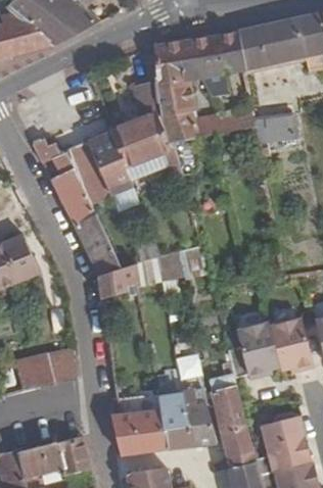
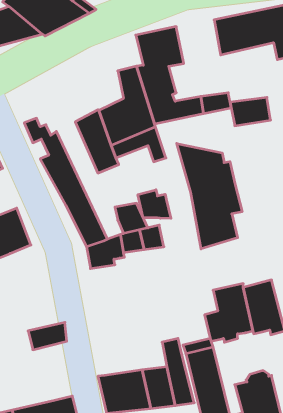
building: [196,31,245,78] -> none
building: none -> [177,143,242,249]
building: none -> [138,190,171,218]

